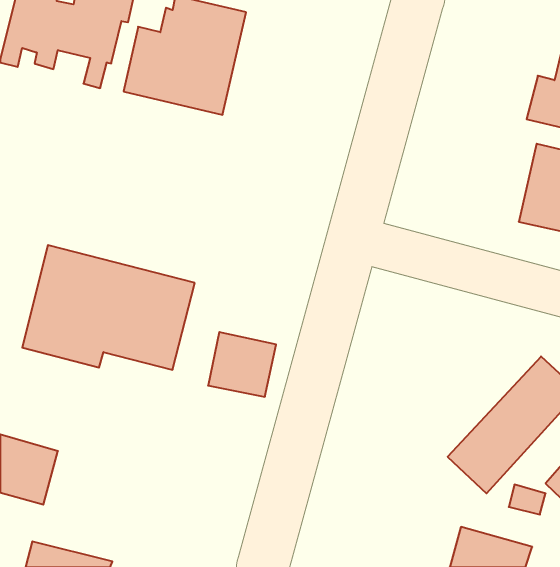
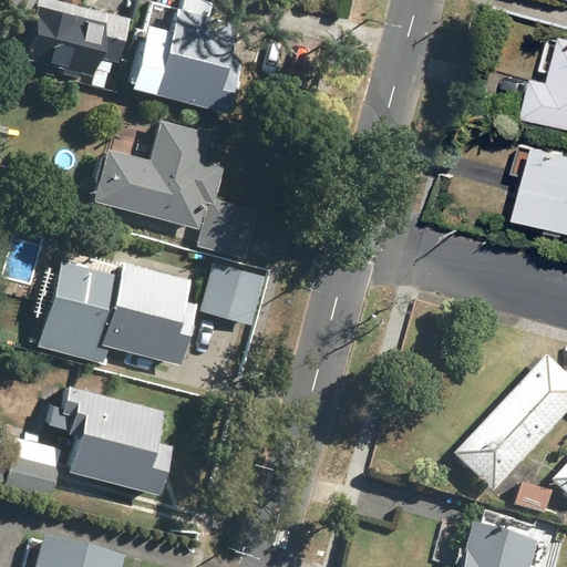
building: none -> [90,120,261,257]
building: [208,332,276,397] -> [200,262,268,327]
building: none -> [51,385,171,512]

